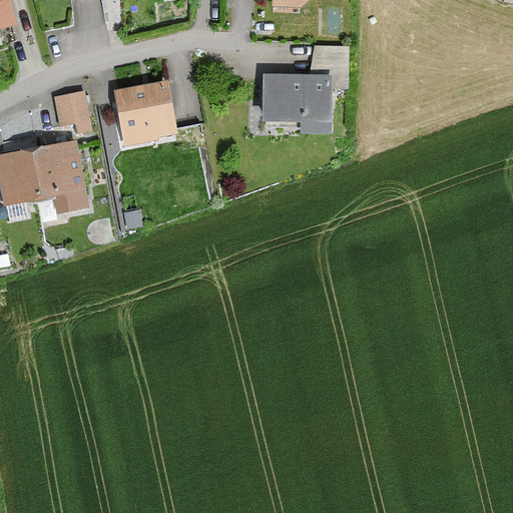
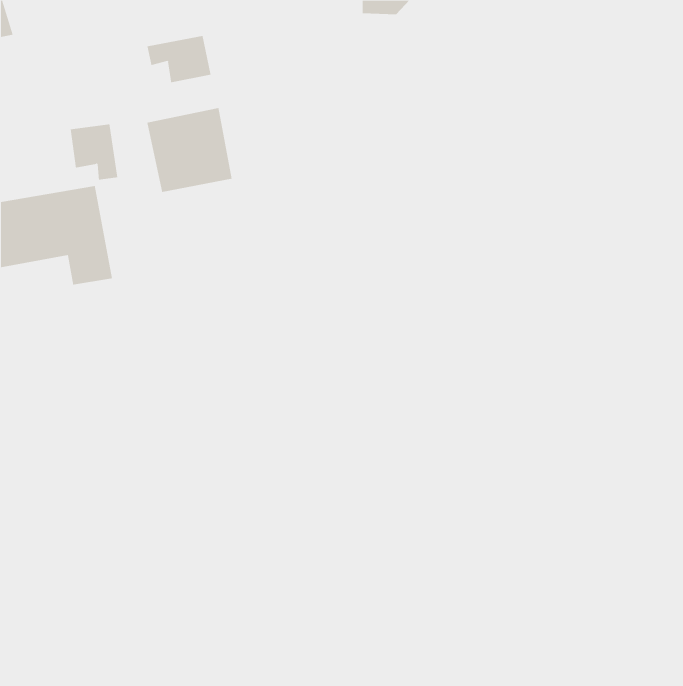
building: none -> [147,35,211,83]
building: [261,48,351,133] -> none

